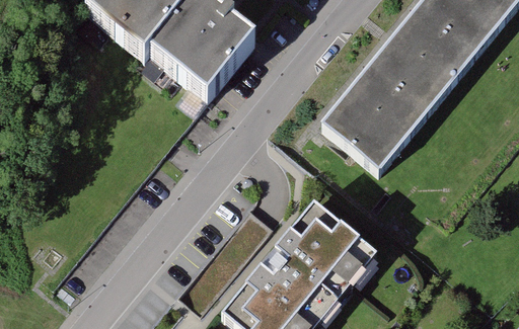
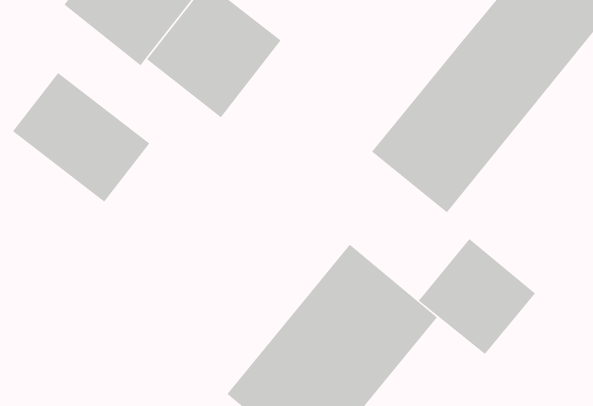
building: none -> [12,72,150,202]
building: none -> [418,238,536,355]

